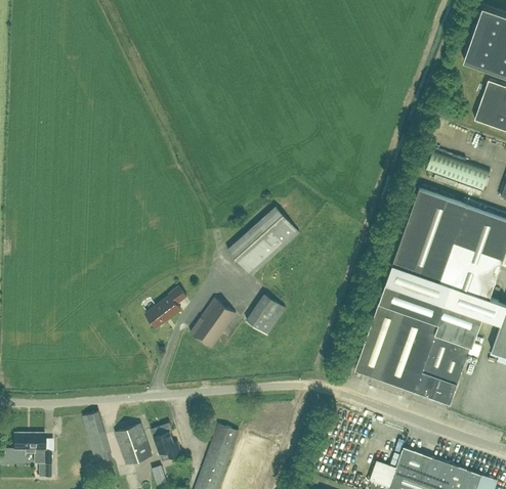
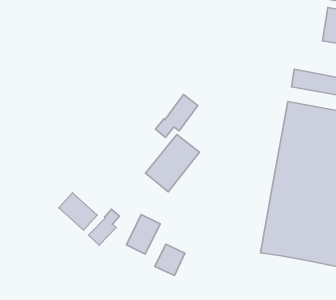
building: none -> [155,94,198,137]
building: none -> [59,193,97,230]
building: [245,295,285,336] -> [155,244,185,276]

